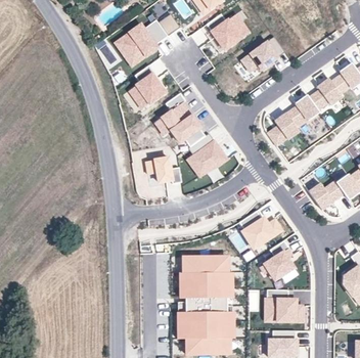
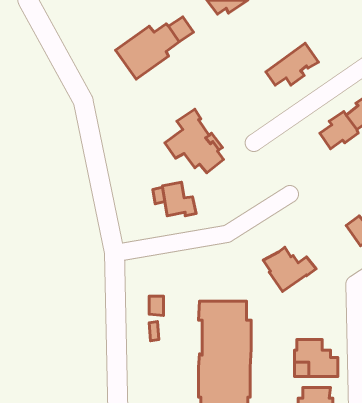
building: [206,14,248,50] -> none
building: [129,65,165,109] -> none
building: [267,114,299,147] -> none
building: [187,133,227,180] -> none
building: [260,240,294,280] -> none

